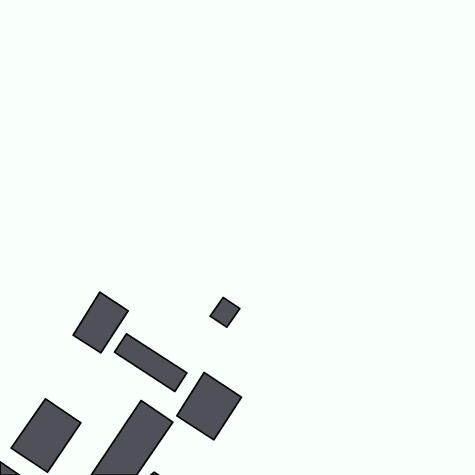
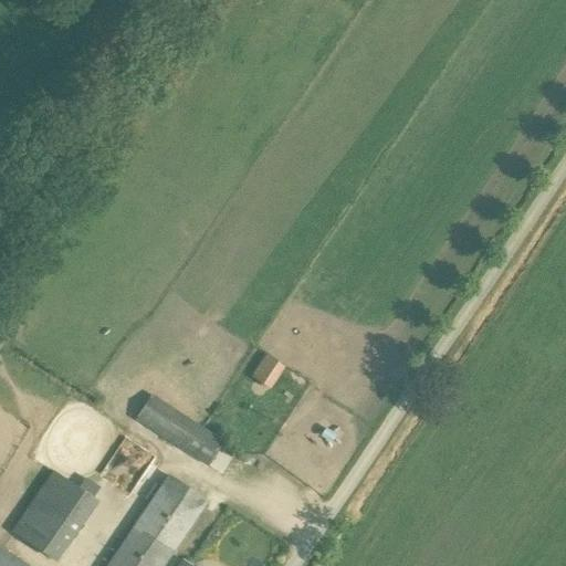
building: [73,292,128,353] -> none
building: [177,372,242,440] -> none

